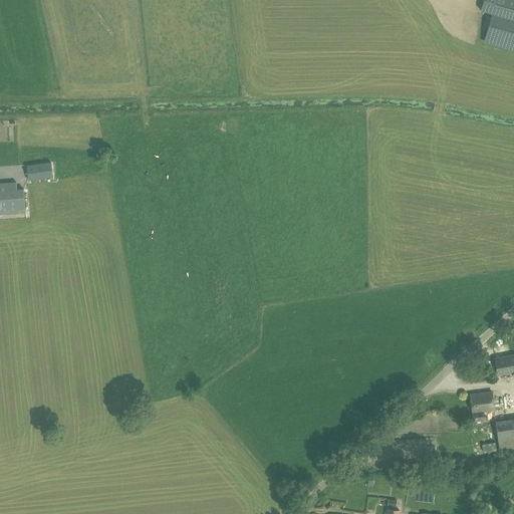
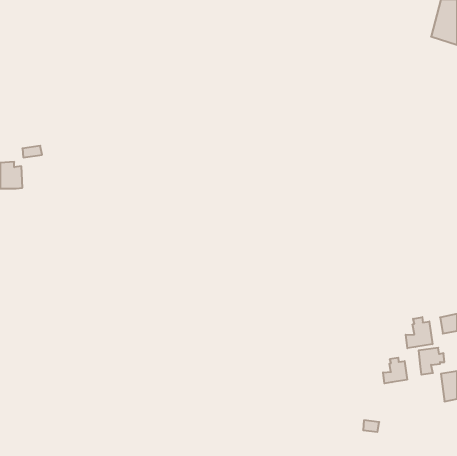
building: none -> [406,317,432,348]
building: none -> [383,358,407,383]

